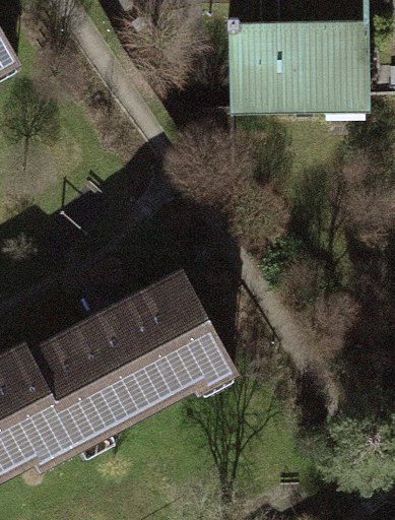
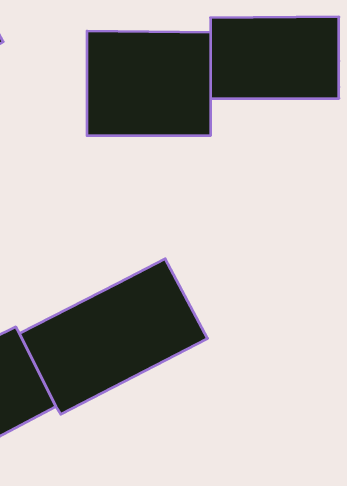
building: none -> [87,31,210,136]

